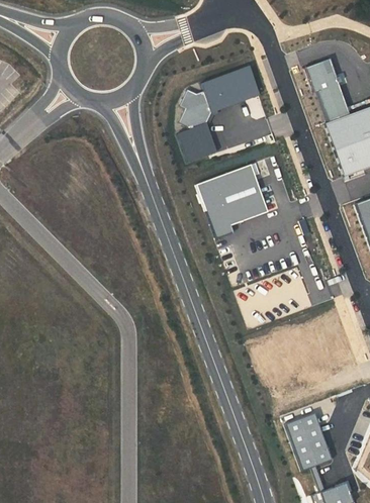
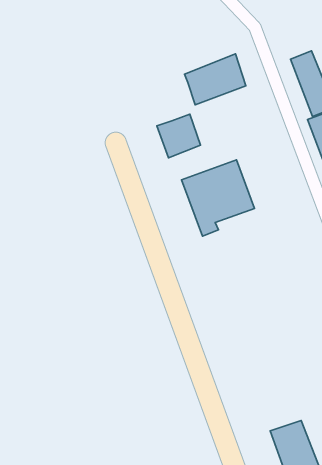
building: [181,90,212,127] -> none

